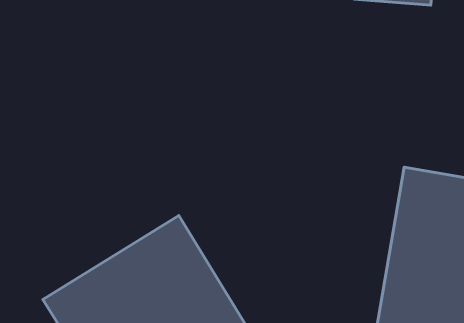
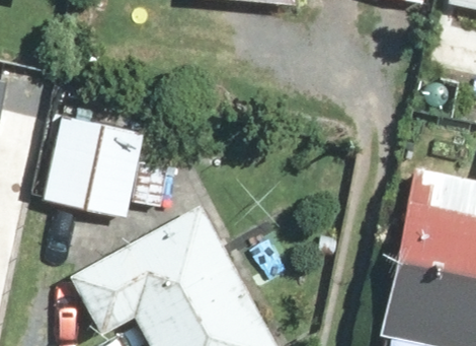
building: none -> [47,110,146,214]

